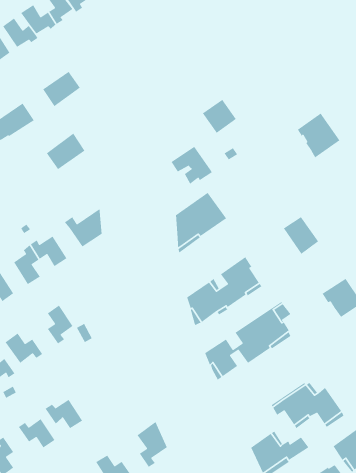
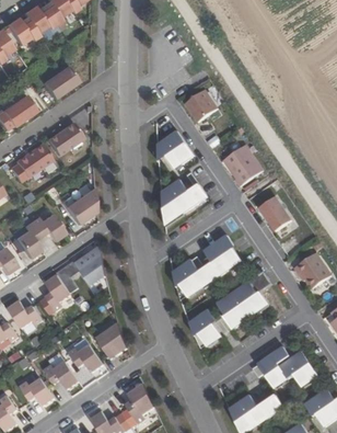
building: [297,113,340,159] -> [228,144,267,185]
building: none -> [10,145,51,183]
building: none -> [75,247,106,287]
building: none -> [96,324,129,356]
building: none -> [70,346,104,374]

